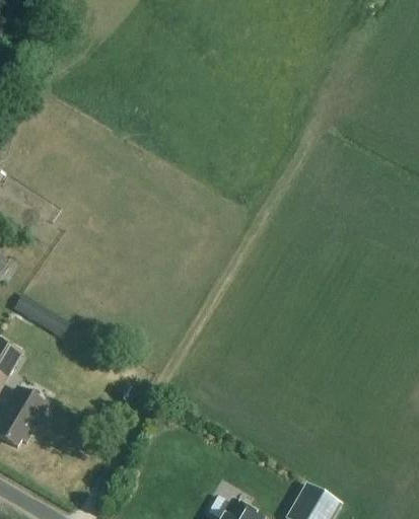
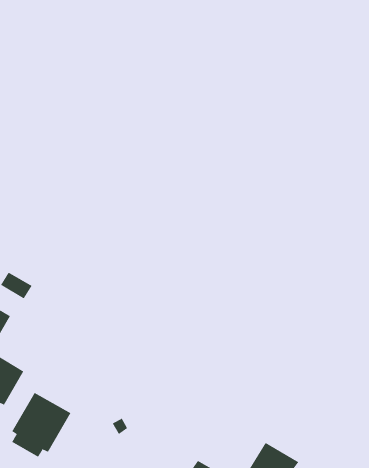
building: none -> [11,392,71,458]

